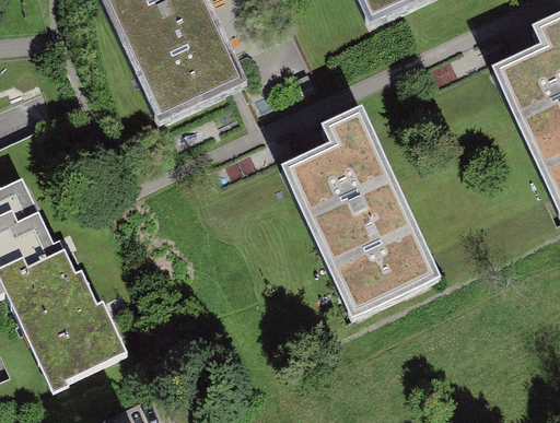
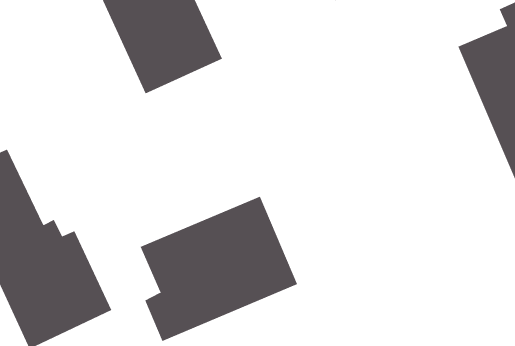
building: [291,113,440,313] -> none
building: none -> [140,196,298,342]

